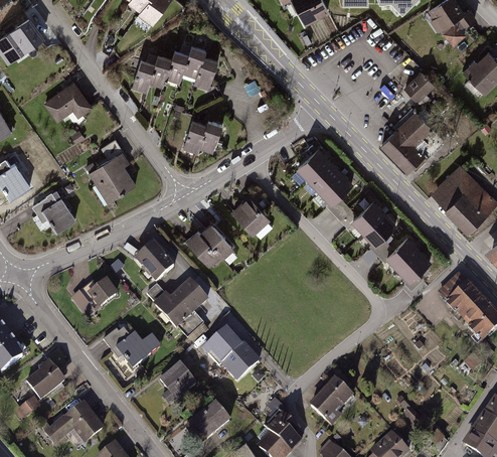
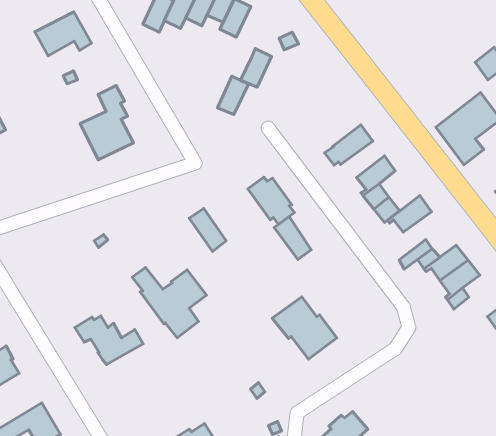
building: [183,120,206,151] -> [241,49,272,87]
building: [308,160,340,194] -> none
building: [31,185,73,230] -> none
building: [362,212,394,247] -> none
building: [199,223,231,258] -> [274,217,311,260]
building: [135,244,173,282] -> none
building: [71,280,116,310] -> none
building: [203,329,258,379] -> [272,297,337,359]
building: [160,364,194,404] -> none

